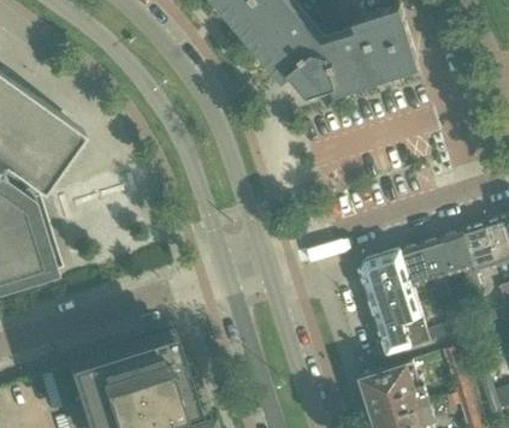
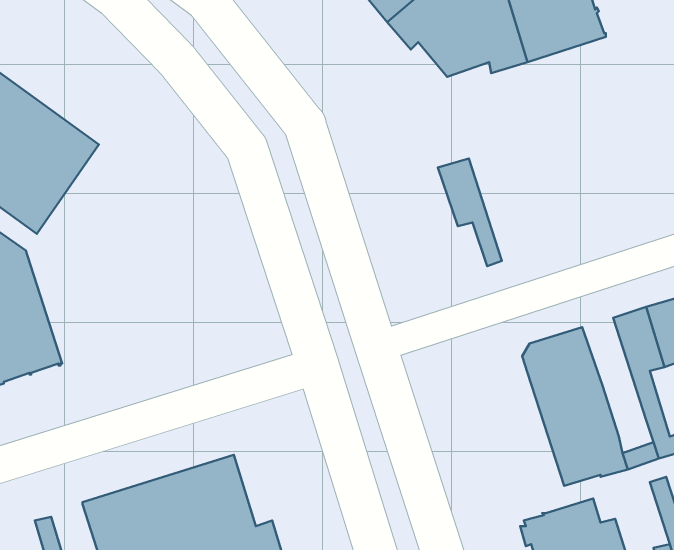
building: [398,249,440,320] -> [438,158,502,266]

